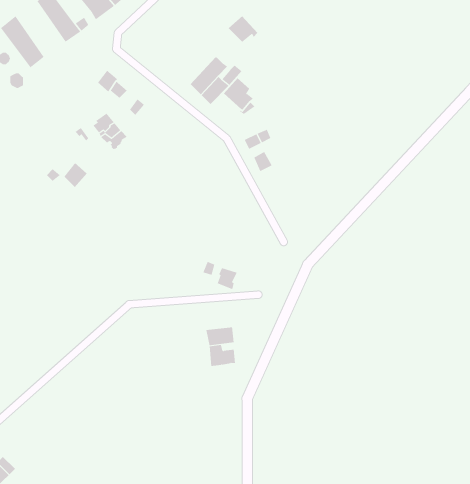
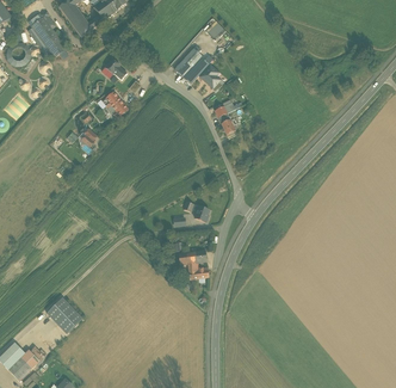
building: none -> [45,297,81,333]

